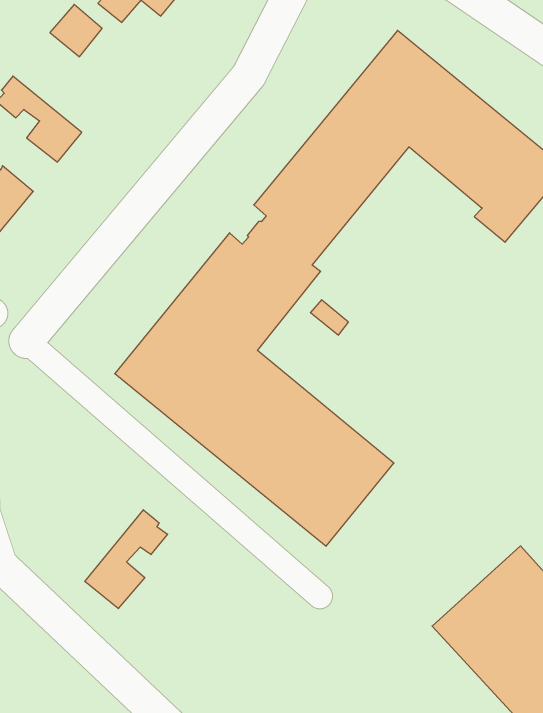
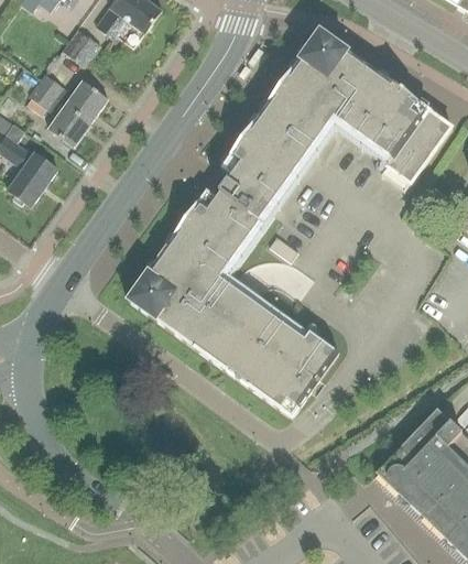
building: none -> [36,72,108,121]
building: [85,510,168,609] -> none

